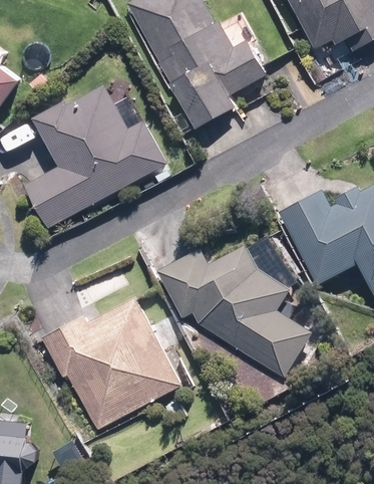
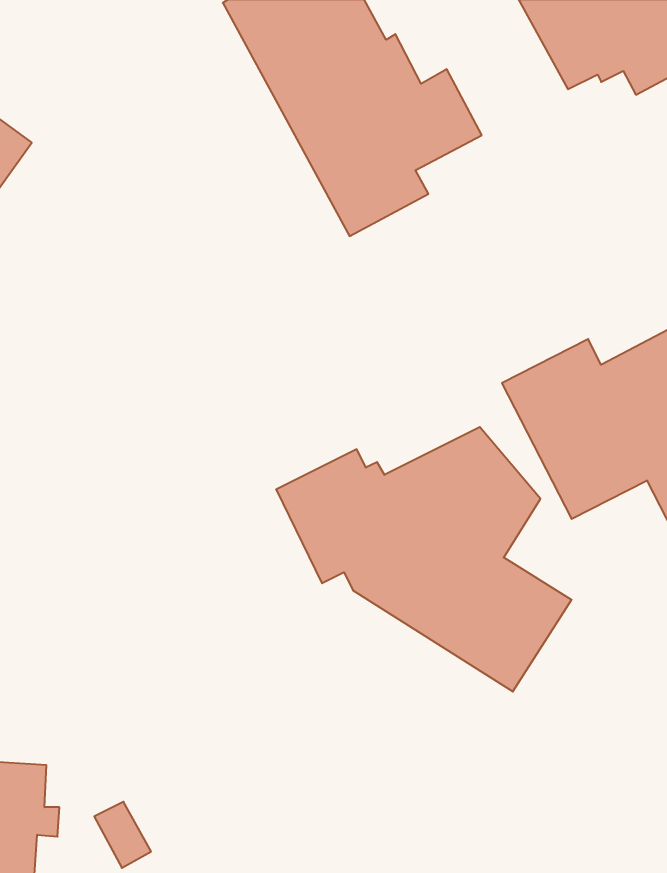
building: [22,82,165,230] -> none
building: [41,296,181,431] -> none

